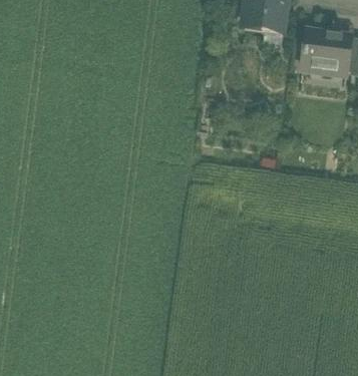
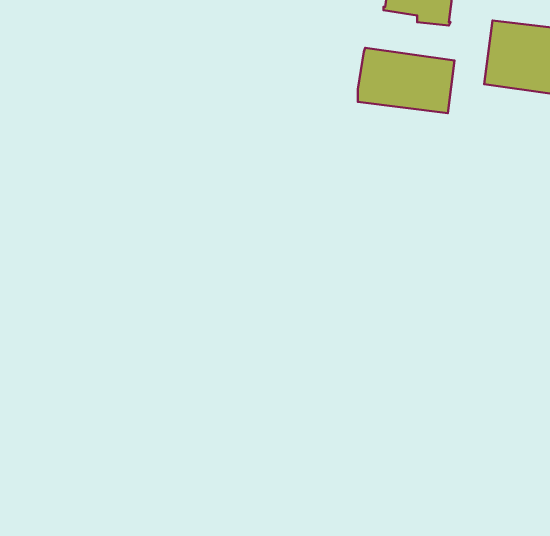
building: none -> [358,48,455,113]

